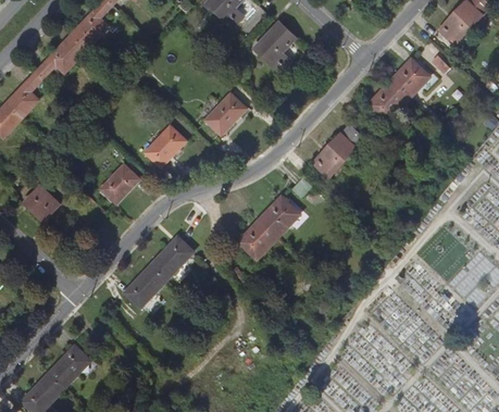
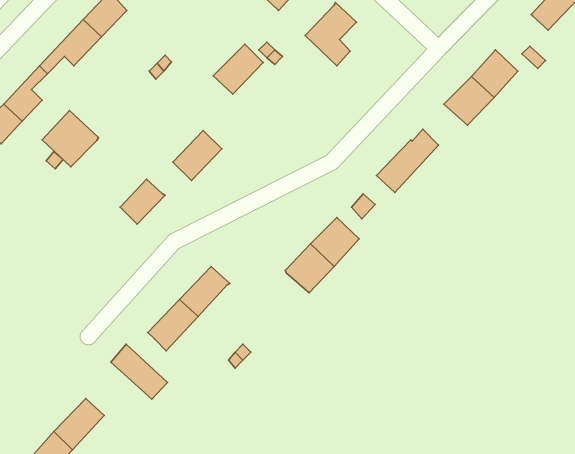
building: [205,92,247,134] -> [213,44,263,94]
building: none -> [42,111,98,167]
building: [25,185,60,219] -> none
building: none -> [111,344,167,399]

